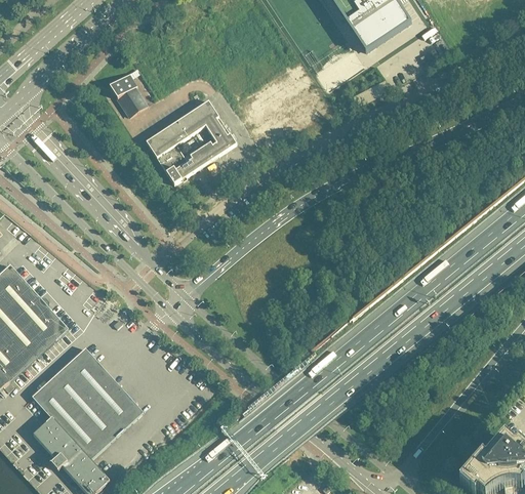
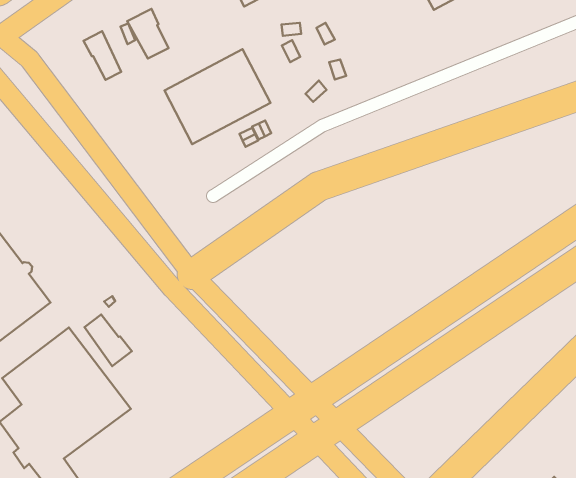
building: none -> [83,31,121,80]
building: none -> [84,314,132,366]

